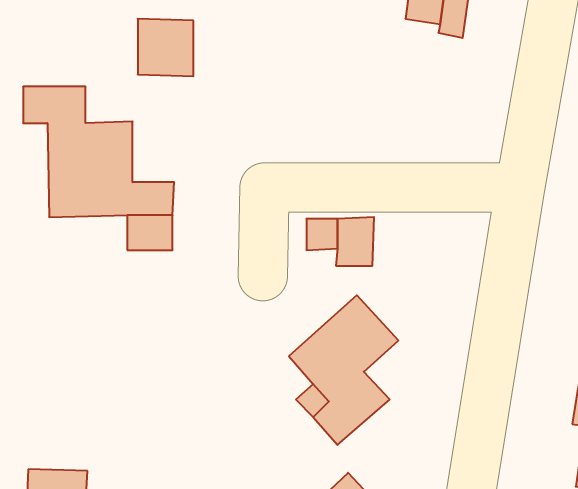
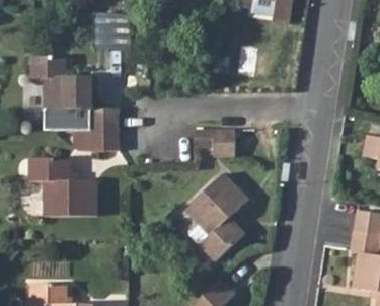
building: none -> [30,155,97,213]

